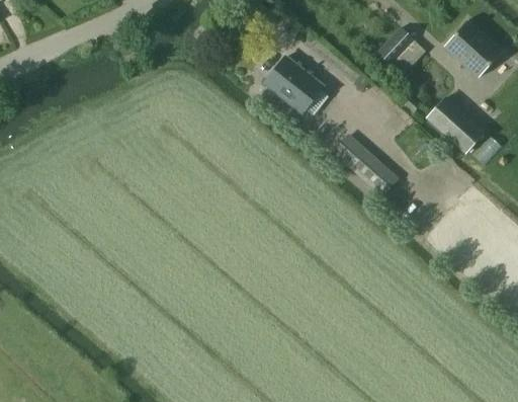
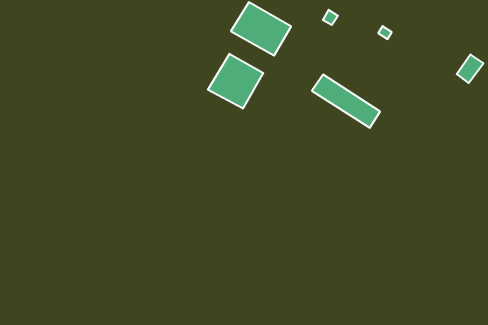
building: [428,100,485,152] -> none
building: none -> [208,54,263,109]

